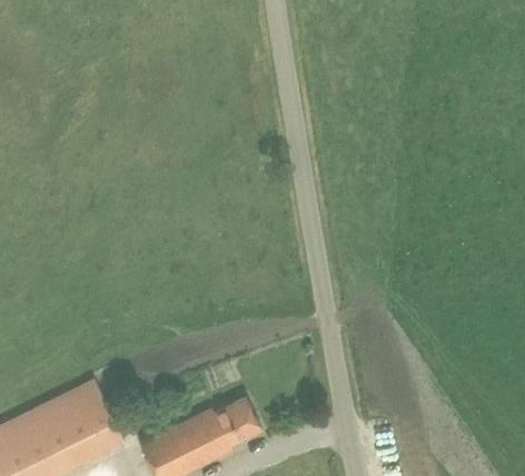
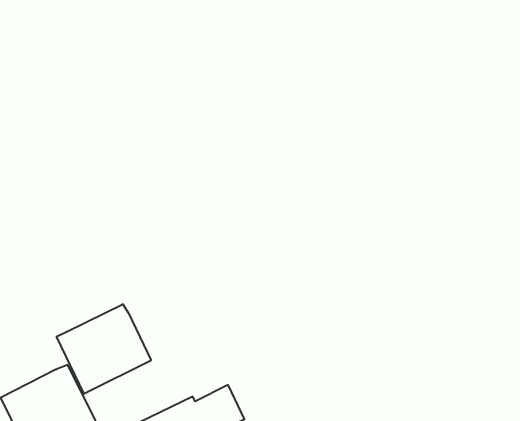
building: none -> [57,304,151,394]

